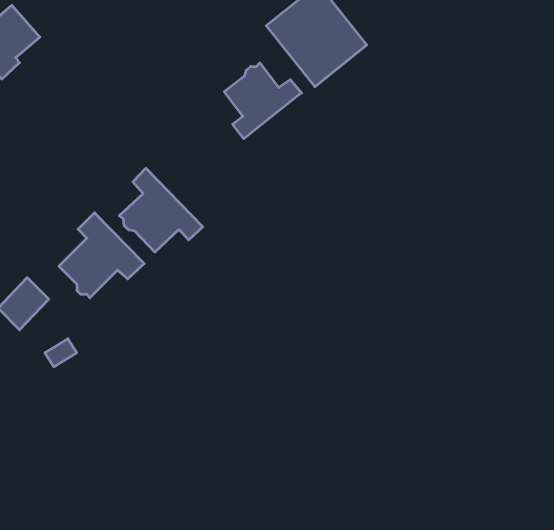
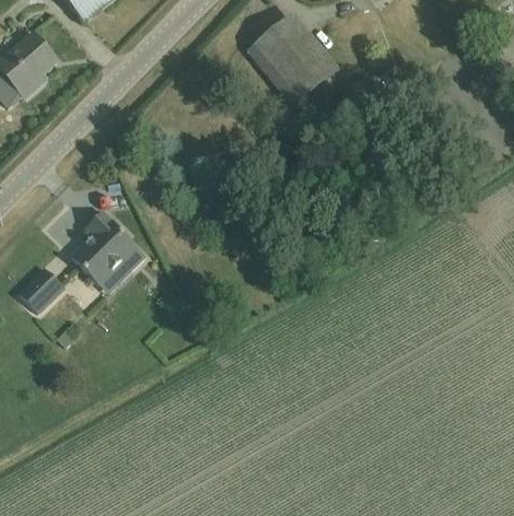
building: [224,63,302,139] -> none
building: [119,168,203,252] -> none

